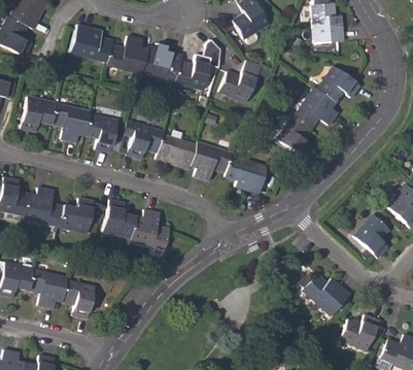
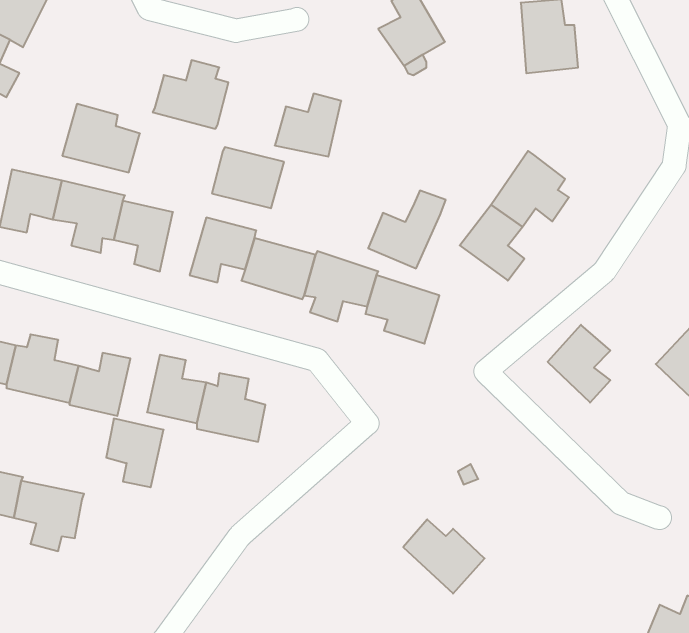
building: [70,24,113,62] -> [62,104,140,172]
building: [142,45,182,79] -> [212,147,284,208]
building: [218,59,262,102] -> [368,191,446,268]
building: [318,65,360,101] -> none
building: [353,214,388,258] -> [548,325,610,403]
building: [303,273,348,314] -> [403,519,485,594]
building: [63,279,95,317] -> [106,419,164,487]
building: [339,313,379,349] -> none

